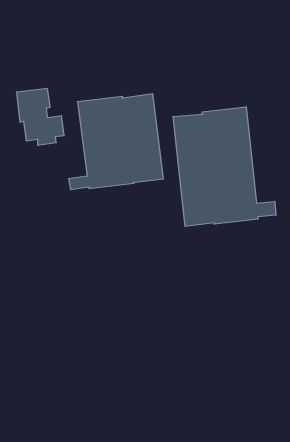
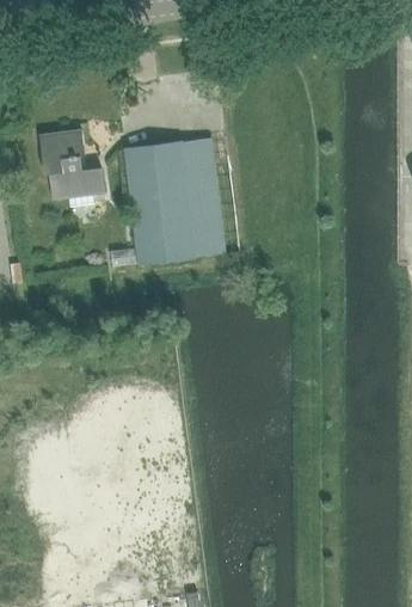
building: [173,107,276,226] -> none

